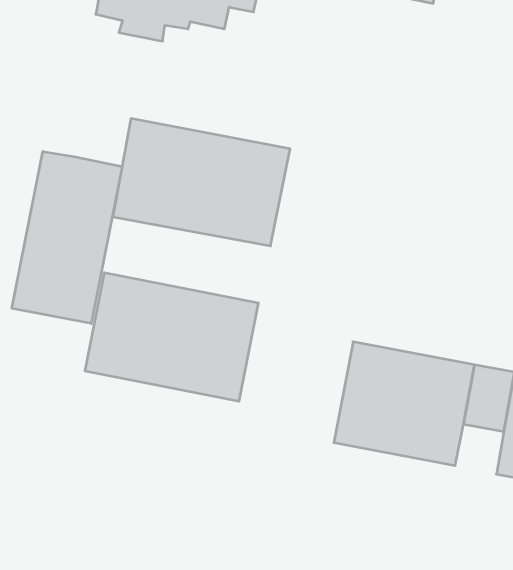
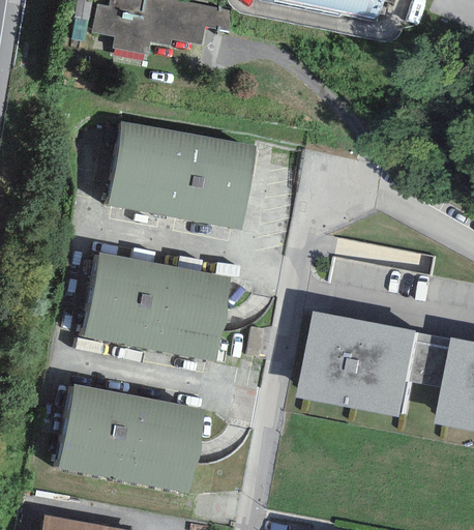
building: [12,151,122,324] -> none
building: none -> [58,383,206,494]

